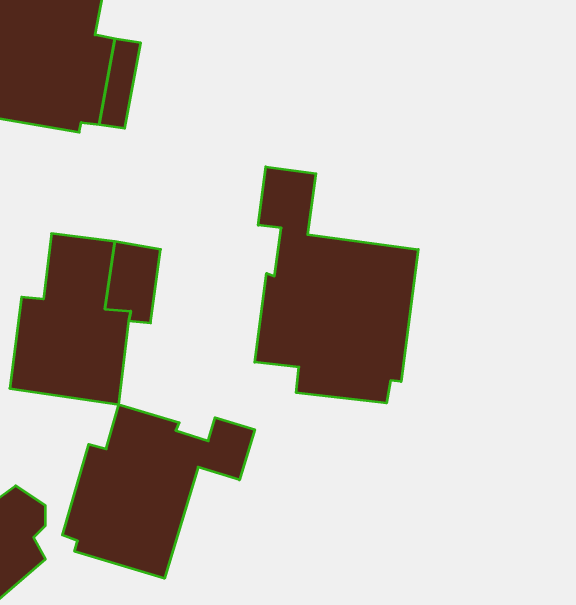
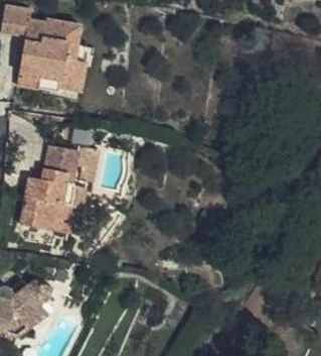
building: [255,167,418,403] -> none
building: [62,404,255,578] -> none

